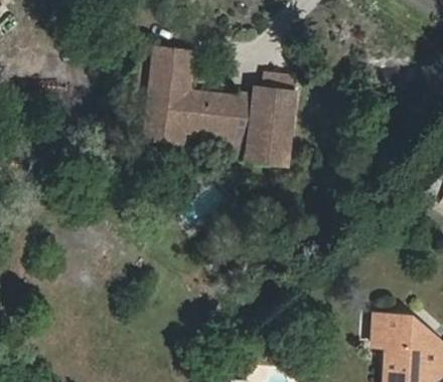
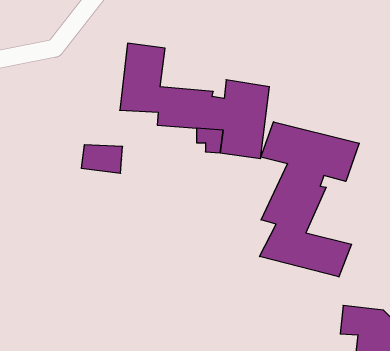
building: [145,115,187,144] -> [81,145,123,173]
building: none -> [260,122,359,277]

